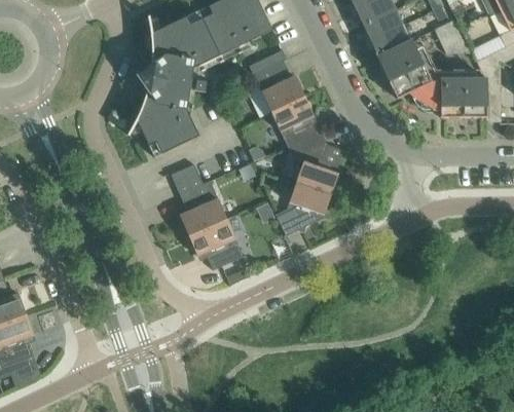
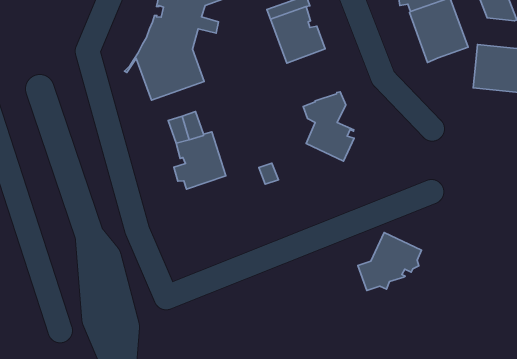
building: [270,95,318,148] -> none
building: [274,181,330,234] -> [358,233,422,291]
building: [191,217,243,268] -> none

